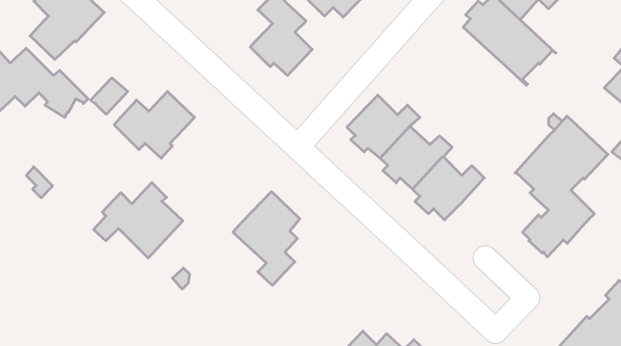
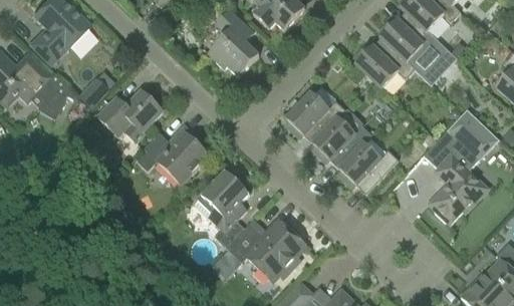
building: none -> [355,37,416,88]
building: [94,183,183,258] -> [138,123,210,185]
building: none -> [227,219,304,279]

